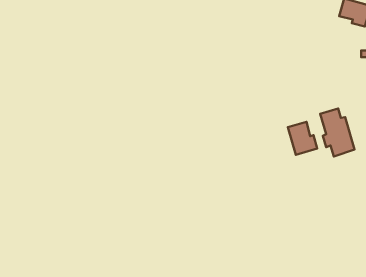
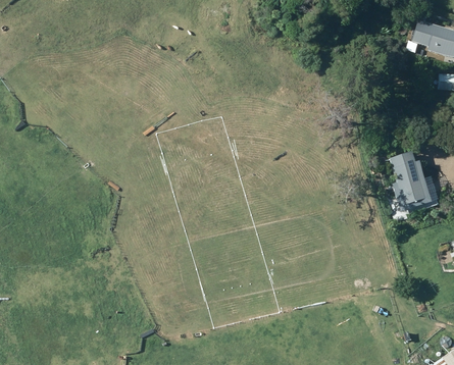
building: [288,122,317,155] -> none

